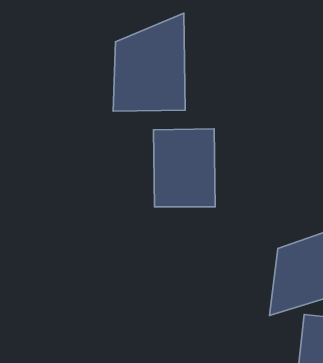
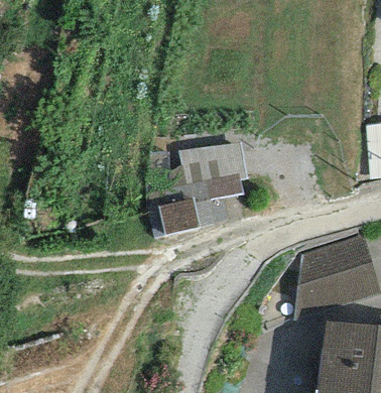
building: [113,13,185,111] -> none

